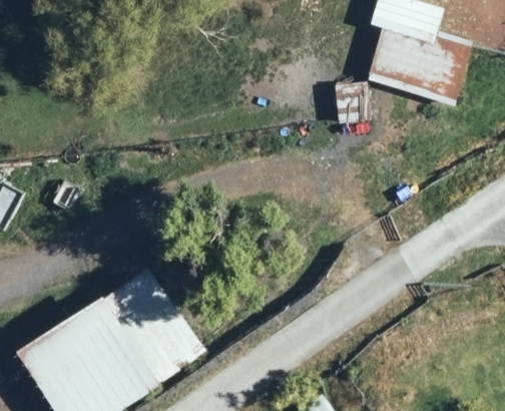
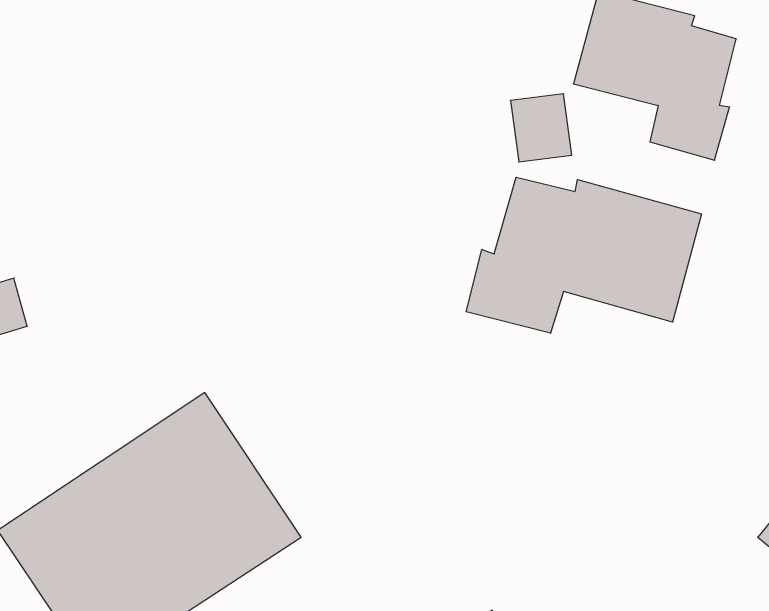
building: none -> [466,177,702,333]

